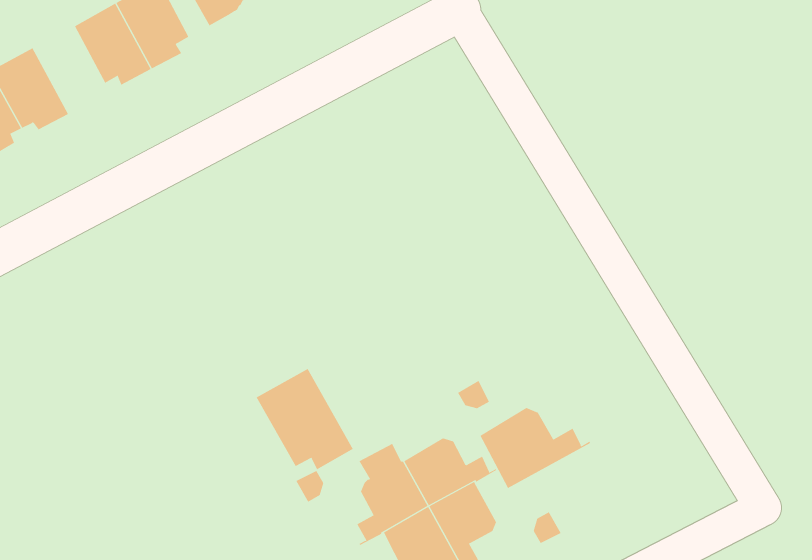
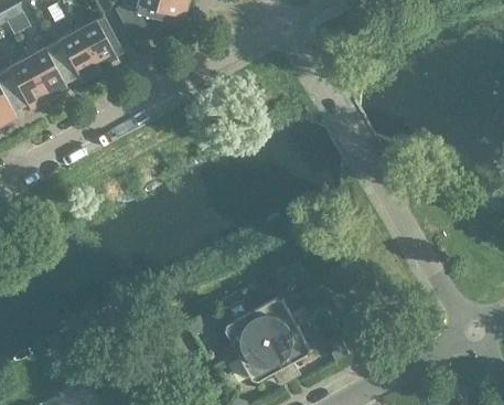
building: none -> [25,43,69,97]
building: [256,368,353,470] -> none
building: [479,407,590,489] -> none

